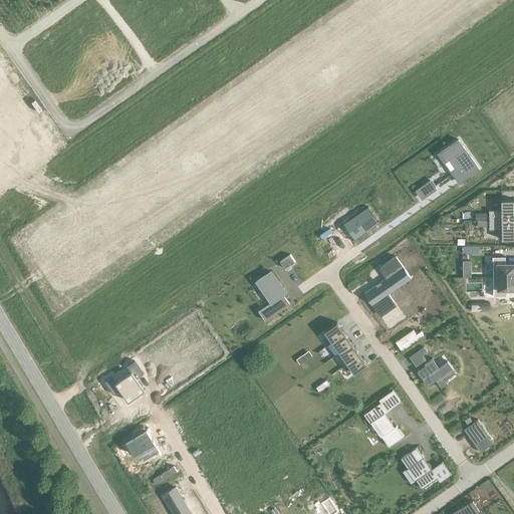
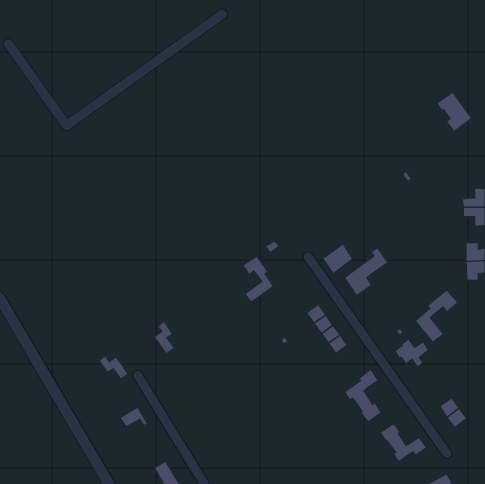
building: [441,142,478,184] -> [437,92,472,132]
building: [344,208,377,240] -> [323,243,354,274]
building: none -> [415,290,458,343]
building: [122,361,145,397] -> [154,321,175,354]

